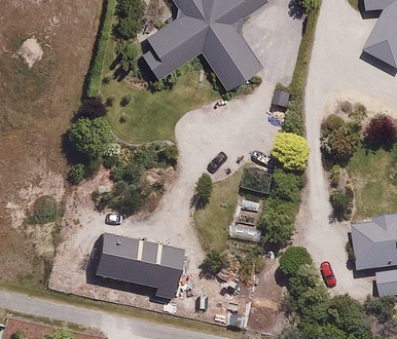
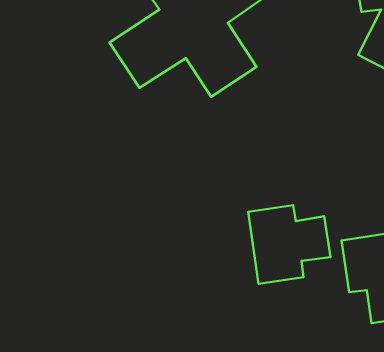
building: none -> [248,205,331,284]
building: [92,229,189,301] -> none

